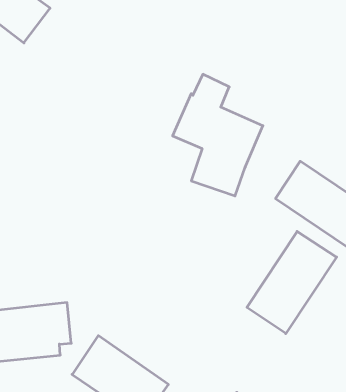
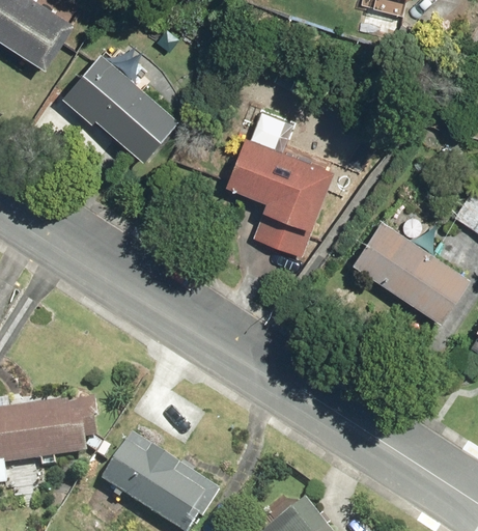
building: none -> [61,51,179,162]
building: [247,231,337,334] -> none

